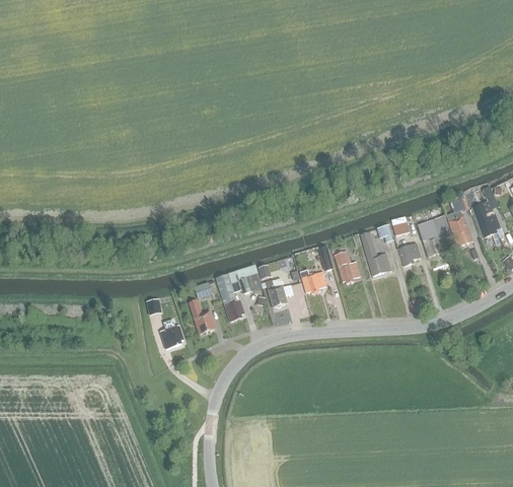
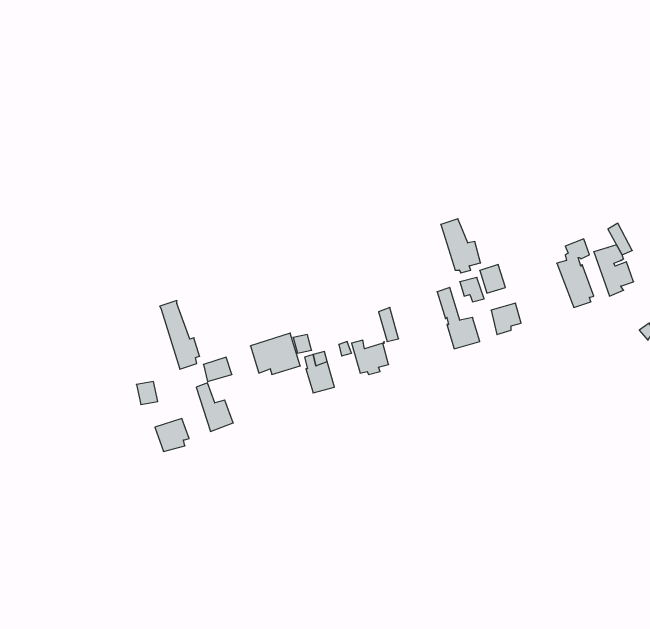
building: [420,223,442,256] -> none
building: [332,245,360,283] -> [441,219,481,273]
building: [215,273,243,322] -> [160,301,200,369]

